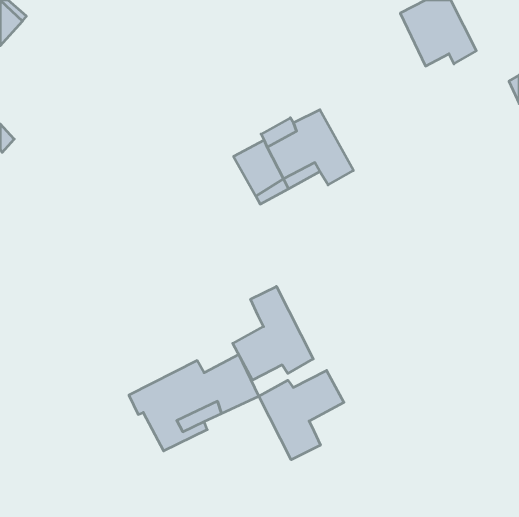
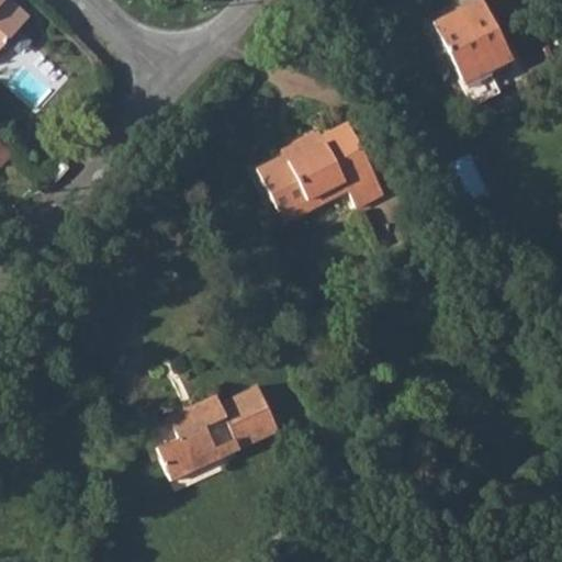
building: [233,286,313,380] -> none
building: [259,370,344,460] -> none

